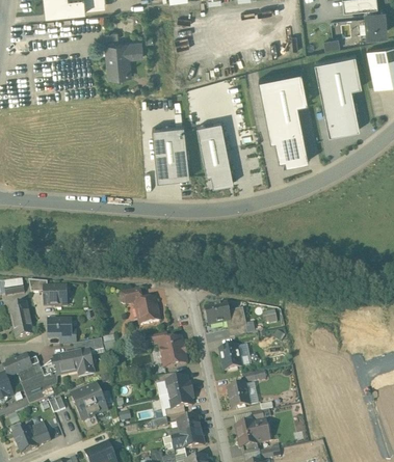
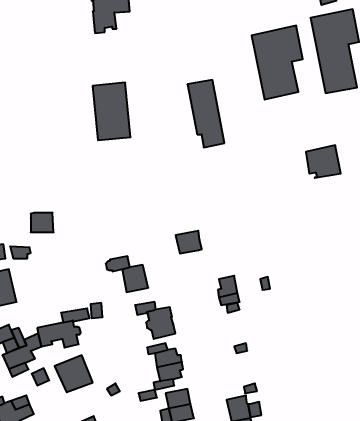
building: [153,125,189,180] -> [93,83,131,140]
building: [275,133,309,164] -> [306,145,341,178]
building: [45,287,67,305] -> [31,213,54,232]
building: [205,303,230,325] -> [176,231,202,254]
building: [48,321,72,337] -> none
building: [219,346,242,371] -> none
building: [228,385,249,410] -> none

